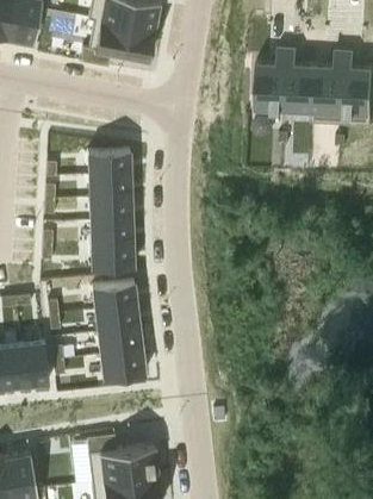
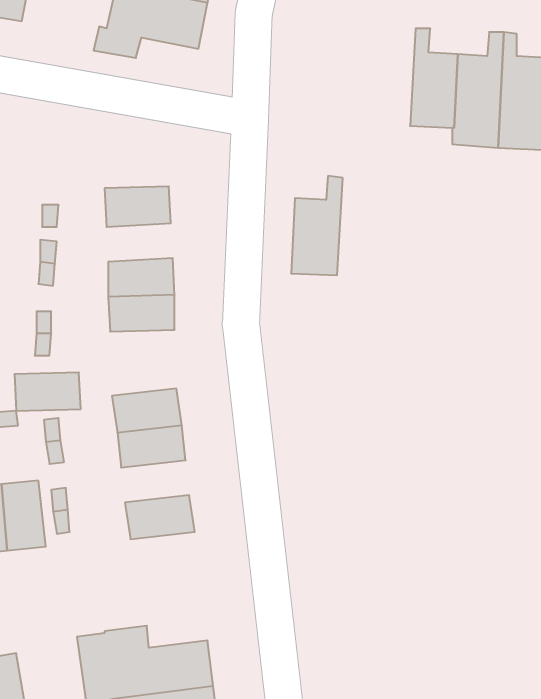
building: [256,48,290,112] -> [291,176,343,275]
building: [89,175,132,200] -> none
building: [92,244,135,269] -> [14,372,81,411]
building: [99,329,143,356] -> none

